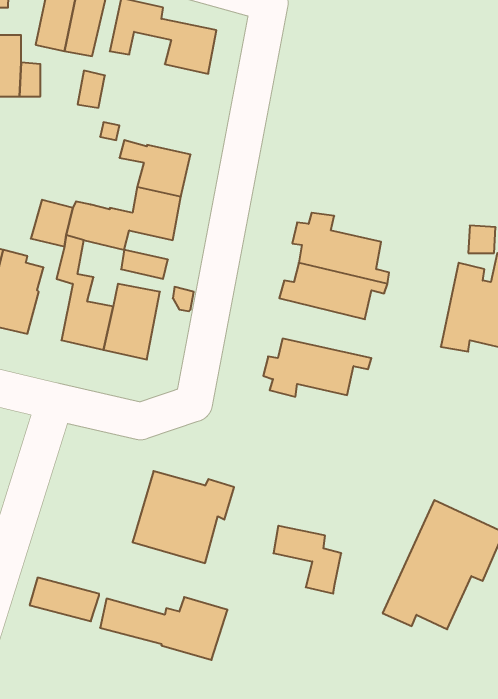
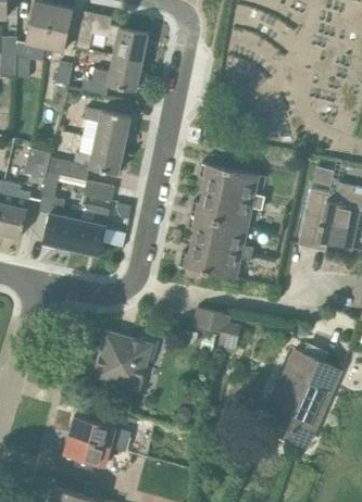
building: none -> [82,57,142,96]
building: none -> [188,214,253,254]
building: [273,526,341,594] -> [195,309,240,354]
building: [30,578,99,621] -> [64,436,111,465]

